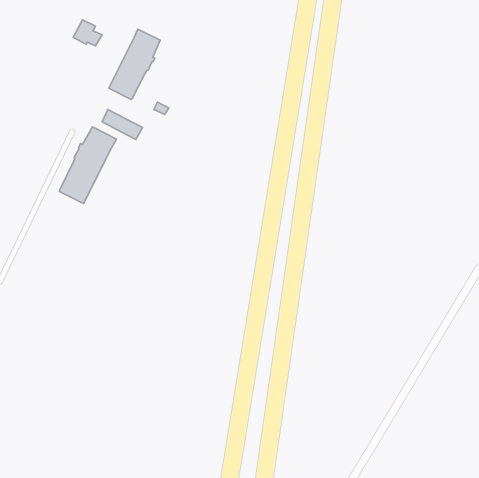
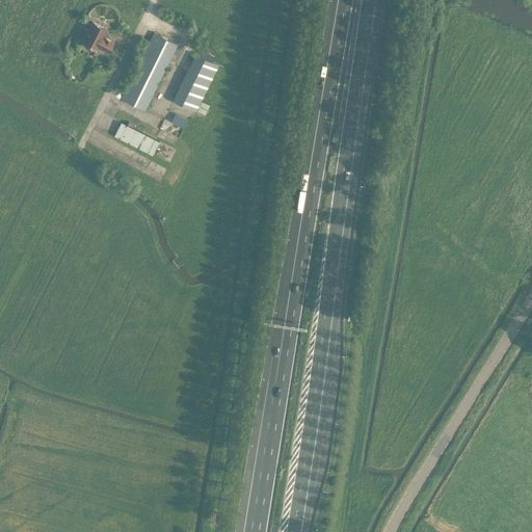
building: none -> [172,54,219,112]
building: [60,127,117,203] -> none

